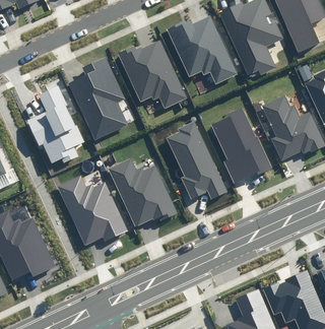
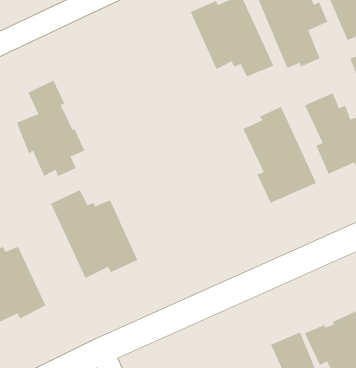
building: [116,39,186,108] -> none
building: [67,57,127,140] -> none
building: [166,123,225,199] -> none
building: [108,158,176,227] -> none

